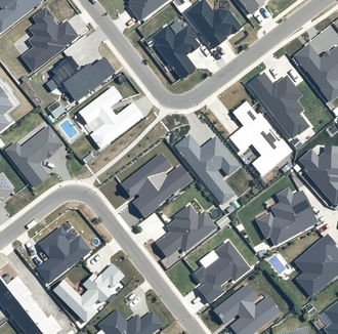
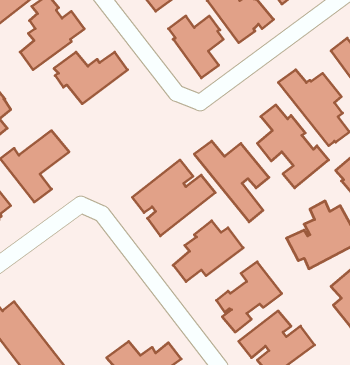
building: [79,85,143,149] -> none
building: [36,225,91,284] -> none
building: [52,263,124,323] -> none

